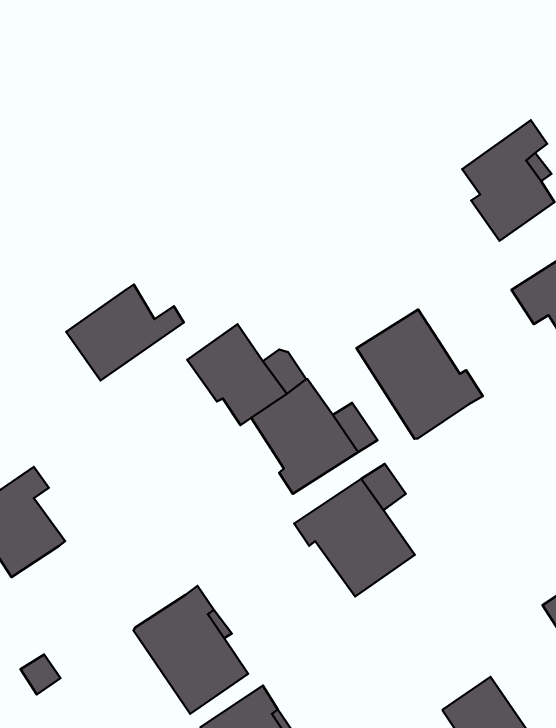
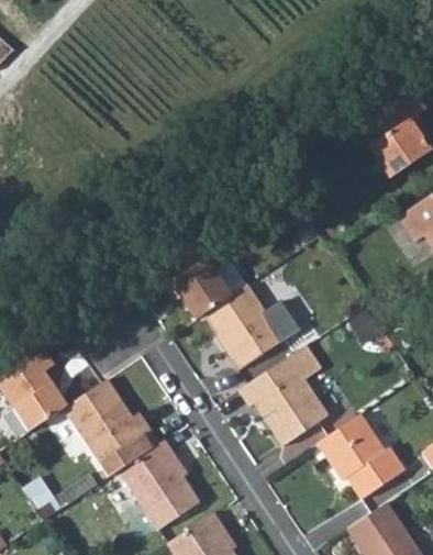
building: [66,285,184,380] -> none
building: [356,310,483,439] -> none
building: none -> [64,379,157,476]
building: none -> [318,412,406,497]

